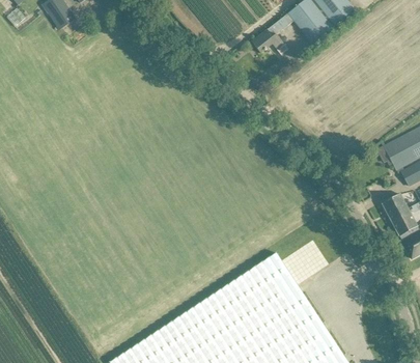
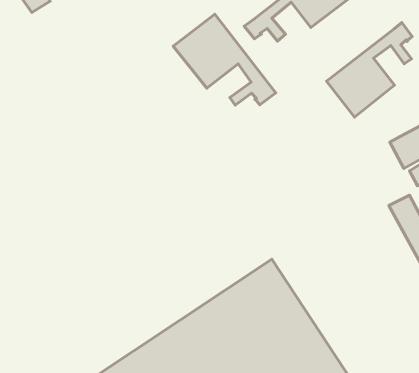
building: none -> [173,14,276,105]
building: none -> [327,22,412,117]

